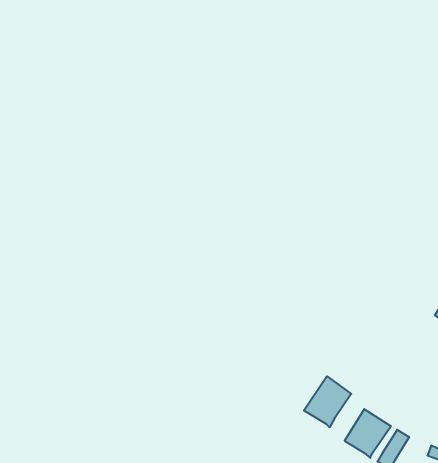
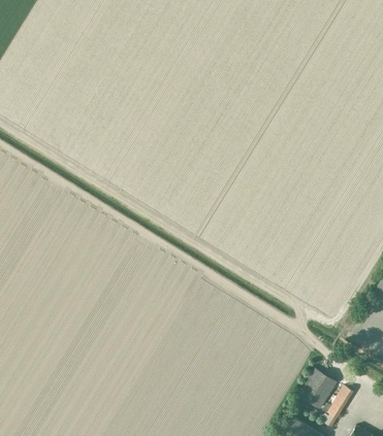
building: [304,376,351,427] -> none

